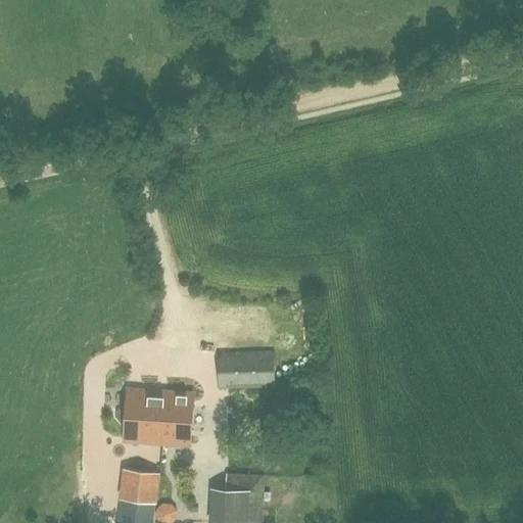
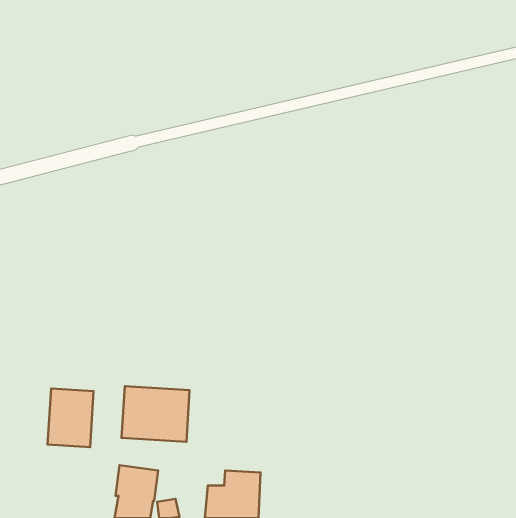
building: [216,351,274,387] -> none
building: none -> [48,388,94,447]

